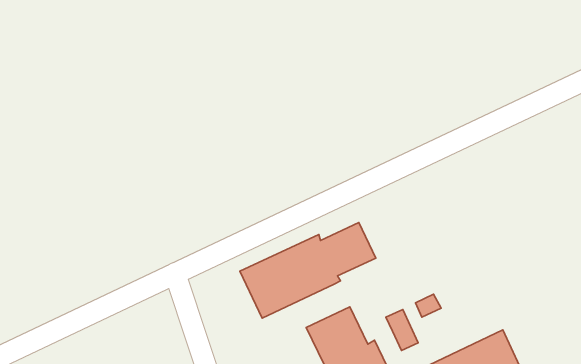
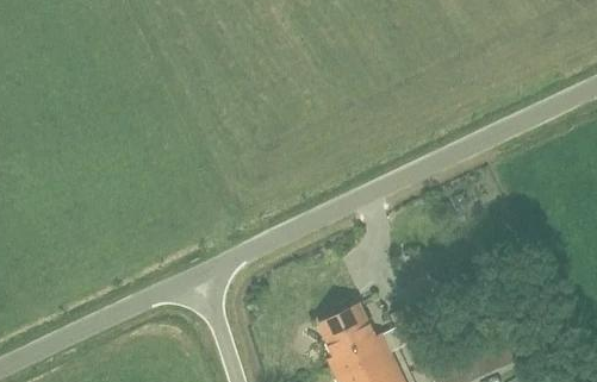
building: [240,223,376,318] -> none

